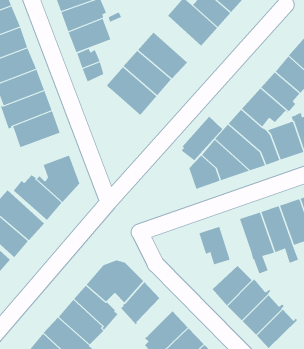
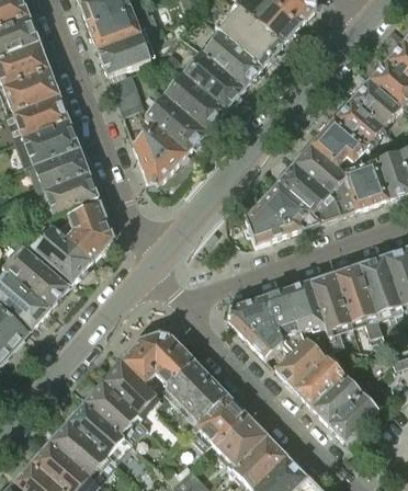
building: none -> [204,30,262,88]
building: none -> [134,123,188,186]
building: [181,116,223,161] -> none
building: none -> [37,174,99,217]
building: none -> [285,281,324,331]
building: none -> [228,298,284,358]
building: none -> [182,378,227,425]

